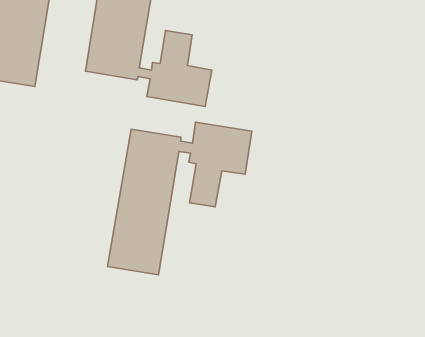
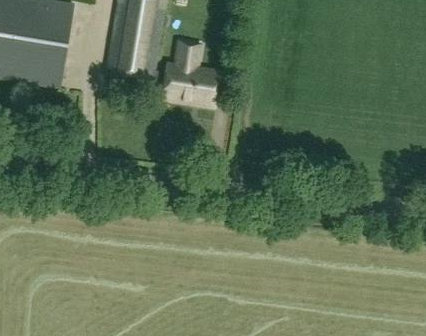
building: [107,122,252,275] -> none

